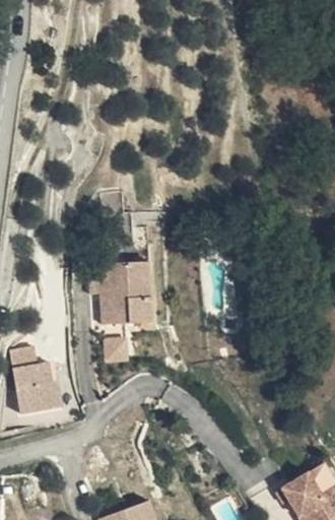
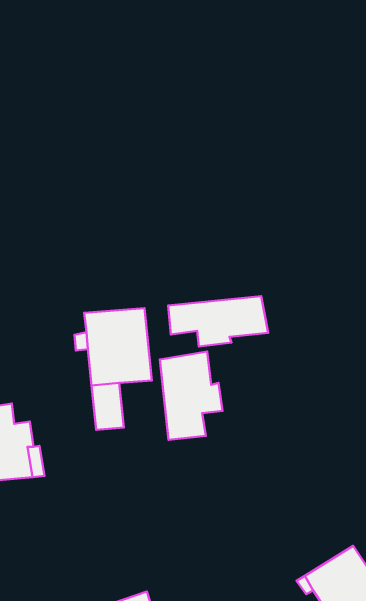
building: none -> [168,296,268,346]
building: none -> [160,352,222,440]

